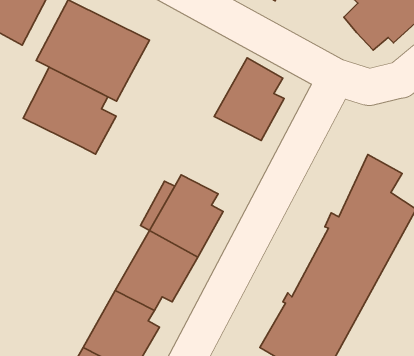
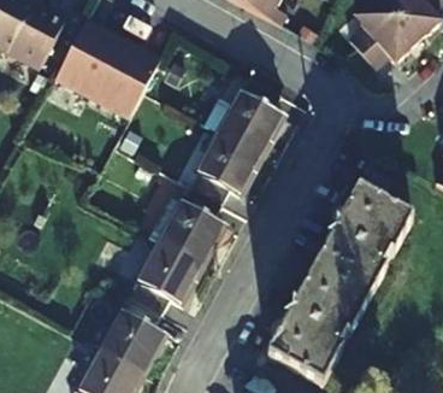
building: [23,67,116,154] -> none
building: none -> [189,134,265,207]

